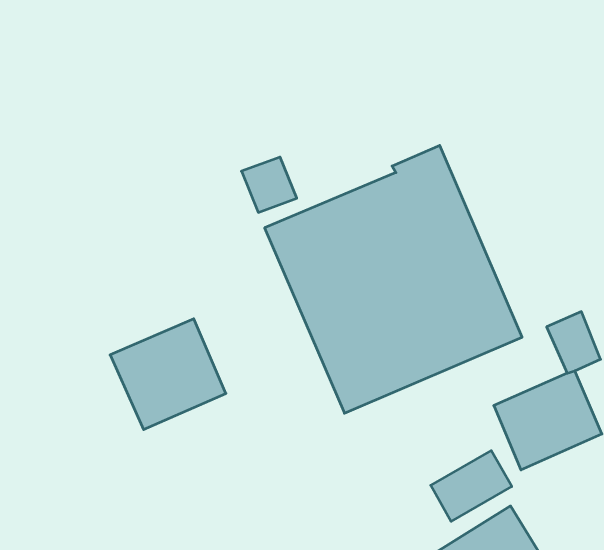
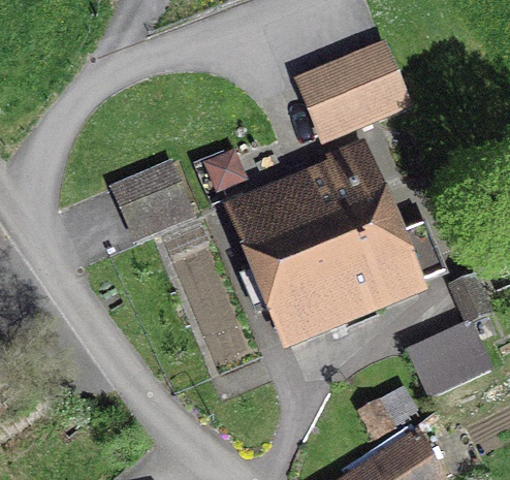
building: none -> [293,38,414,146]
building: [110,319,226,430] -> [109,155,202,244]

